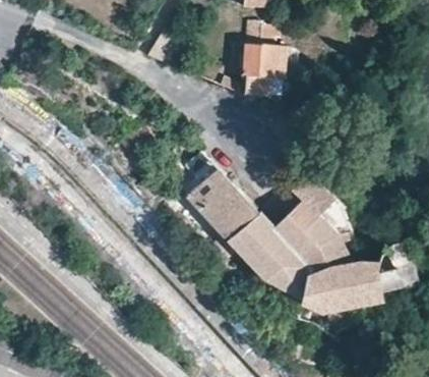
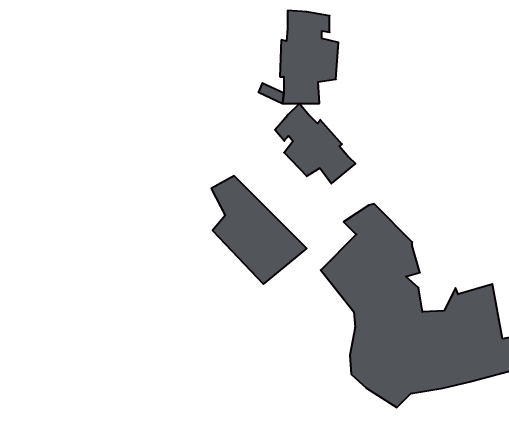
building: none -> [275,103,355,184]
building: [228,212,301,298] -> none

